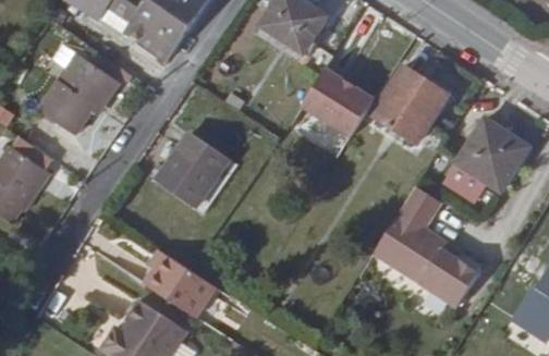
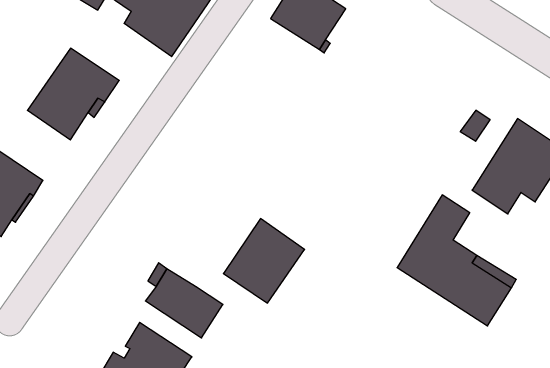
building: [370,65,449,145] -> none
building: [297,69,370,147] -> none
building: [155,132,229,209] -> [223,219,305,303]

